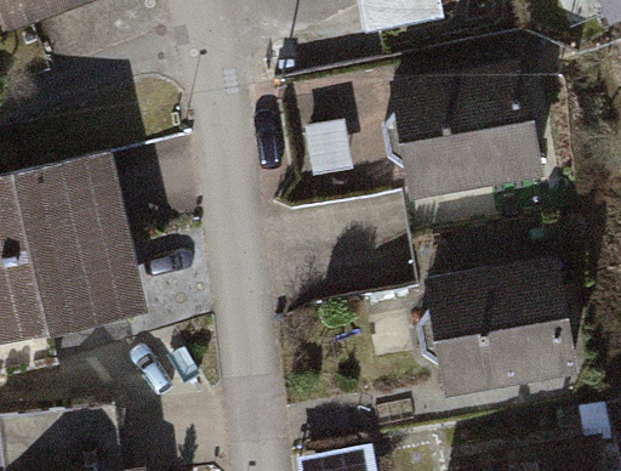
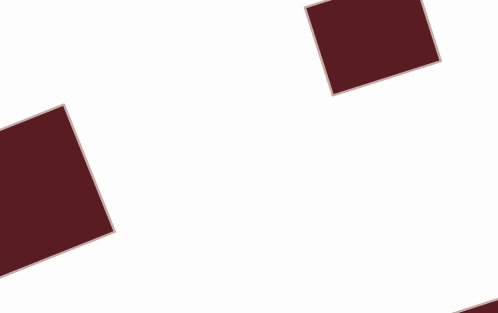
building: [425,259,572,392] -> none

